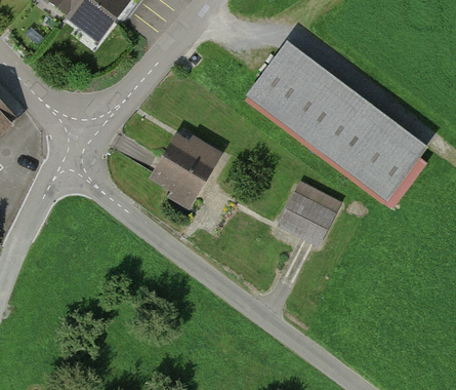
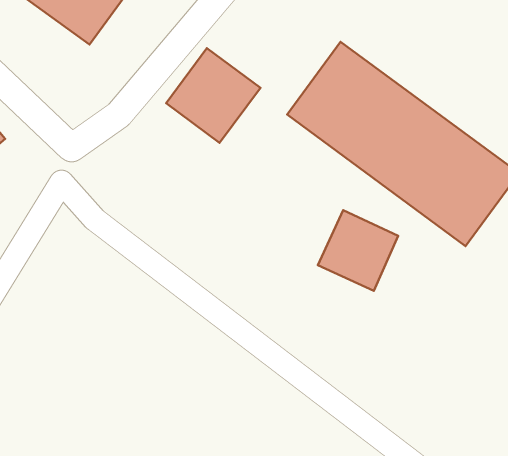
building: [147,127,222,203] -> [166,48,260,143]

